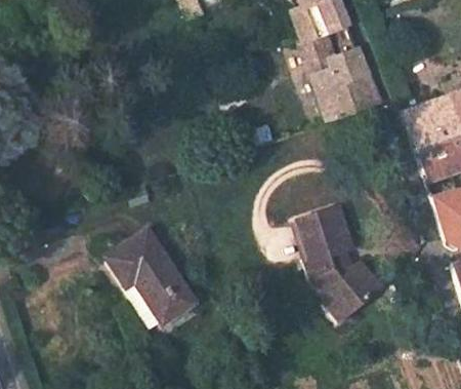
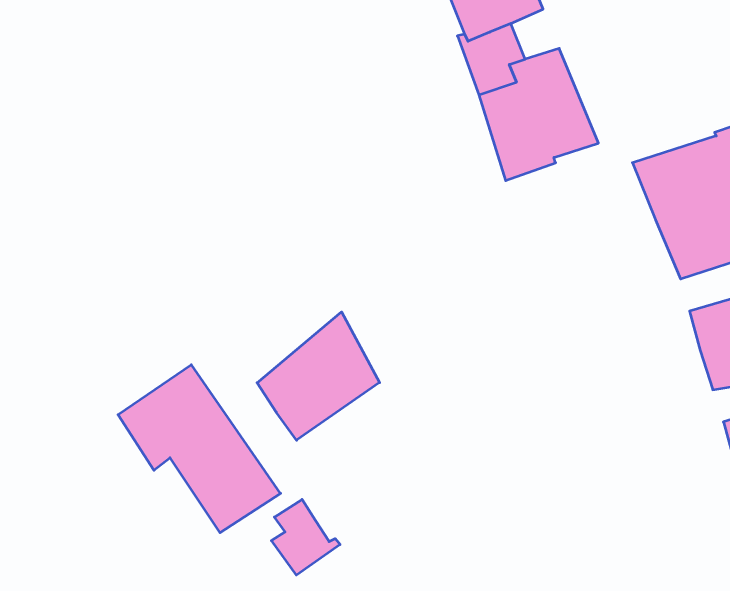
building: none -> [257,312,380,440]
building: [304,206,394,313] -> none
building: none -> [271,499,340,575]

